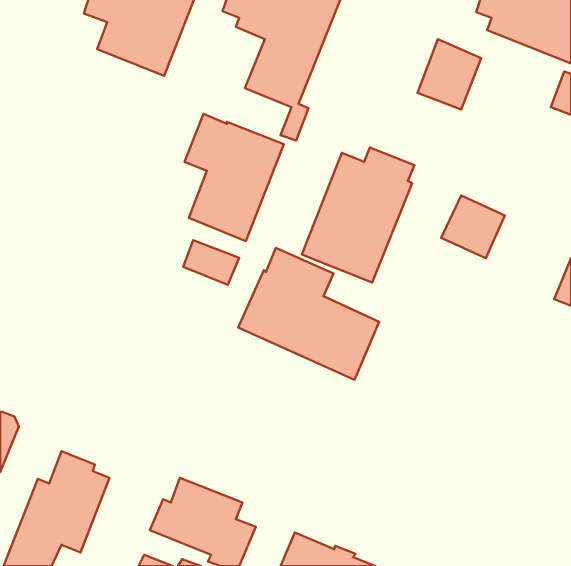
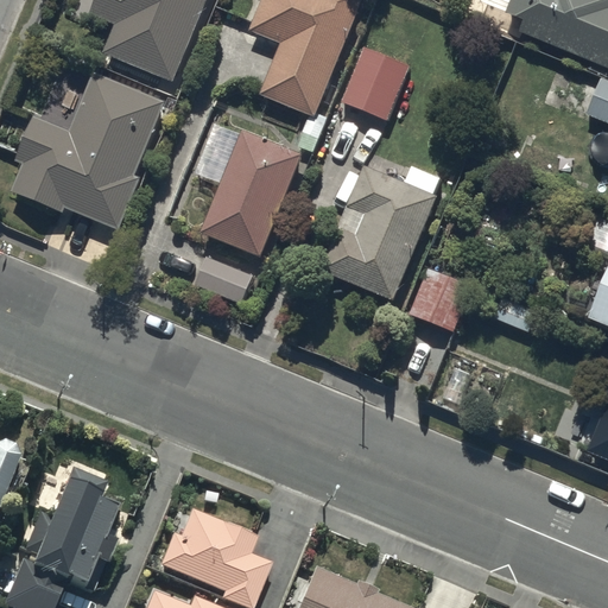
building: [418,39,481,110] -> [342,44,410,119]
building: none -> [13,70,165,229]
building: [441,196,505,258] -> [407,266,475,332]
building: [238,248,379,380] -> none

